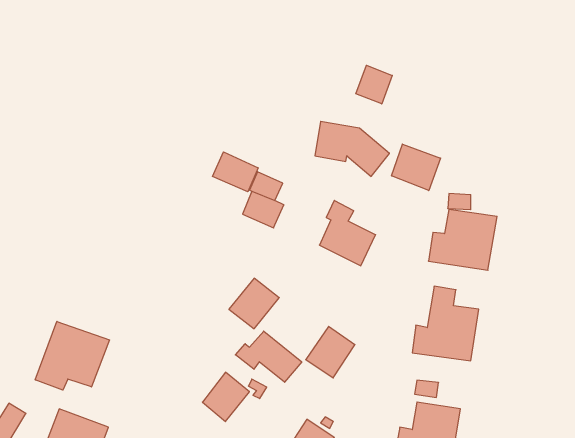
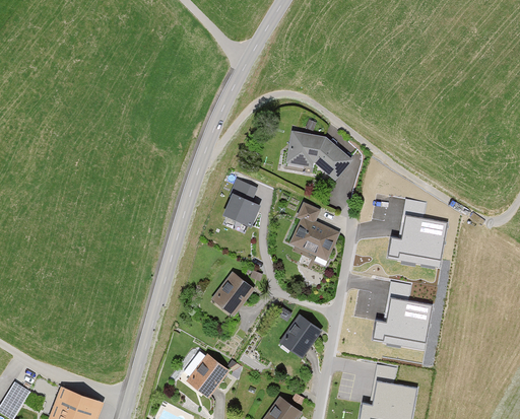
building: [356,65,392,104] -> none
building: [392,144,441,191] -> none
building: [212,152,258,192] -> none
building: [35,321,109,390] -> none
building: [235,331,302,382] -> none

